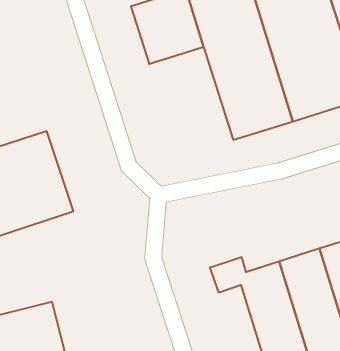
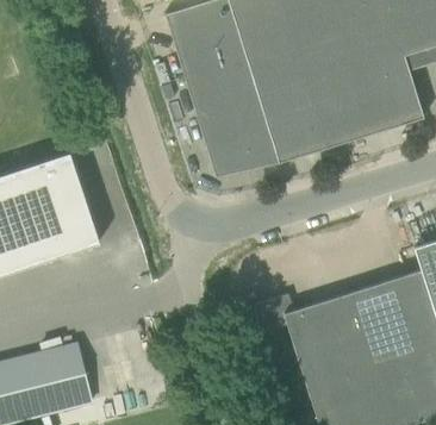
building: none -> [185,58,279,176]

